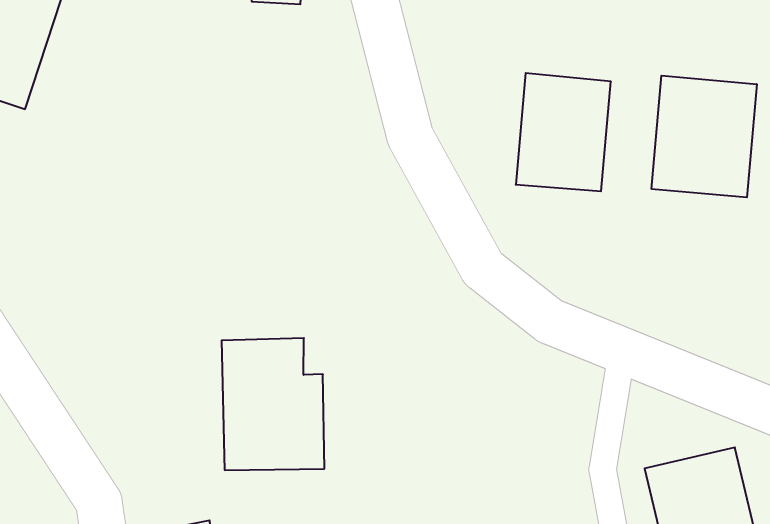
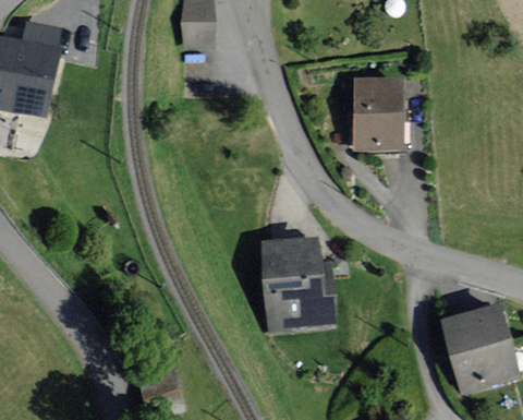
building: [652,76,757,197] -> none
building: [222,338,324,470] -> [264,242,332,327]

